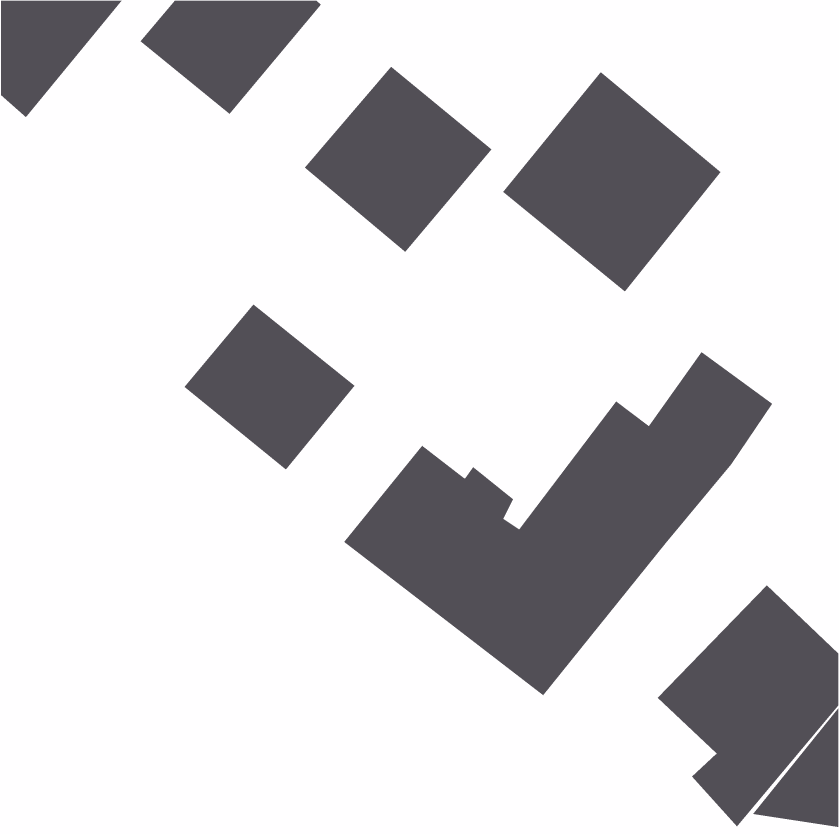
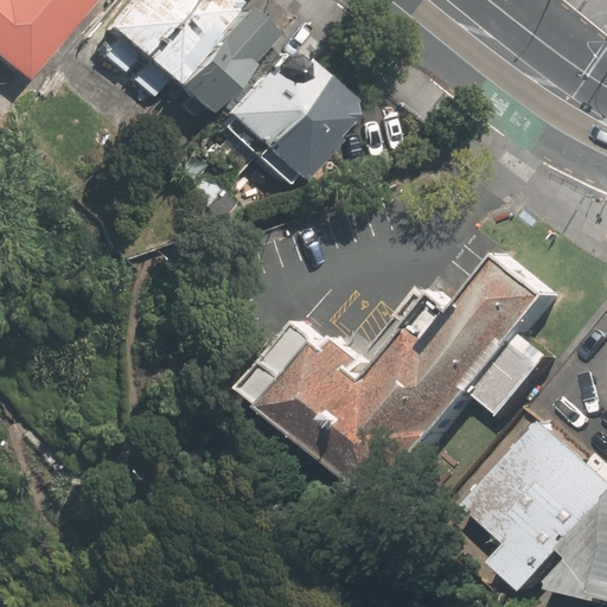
building: none -> [166,11,270,117]
building: [502,71,721,292] -> none
building: [183,304,355,471] -> none

